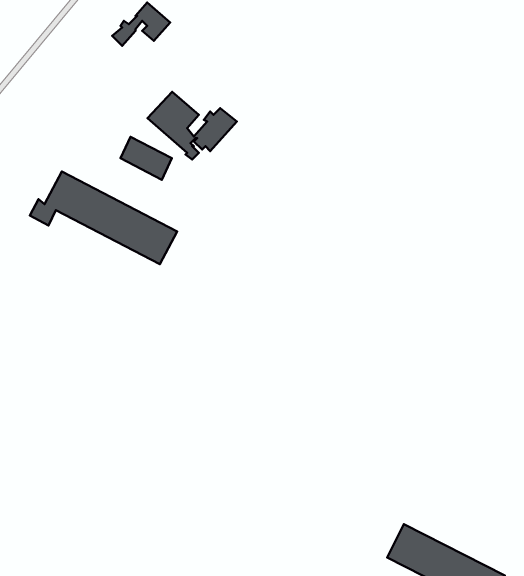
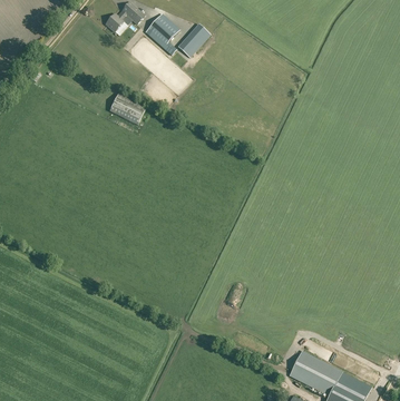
building: [147,92,237,160] -> [145,14,205,60]
building: [30,171,177,264] -> none

